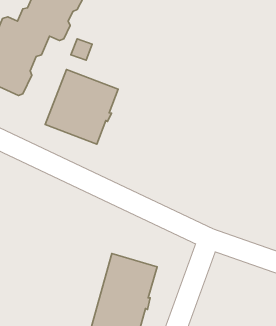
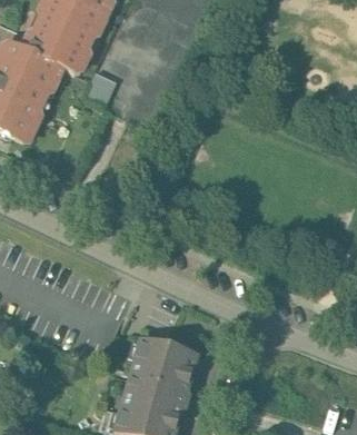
building: [45,70,118,144] -> none

